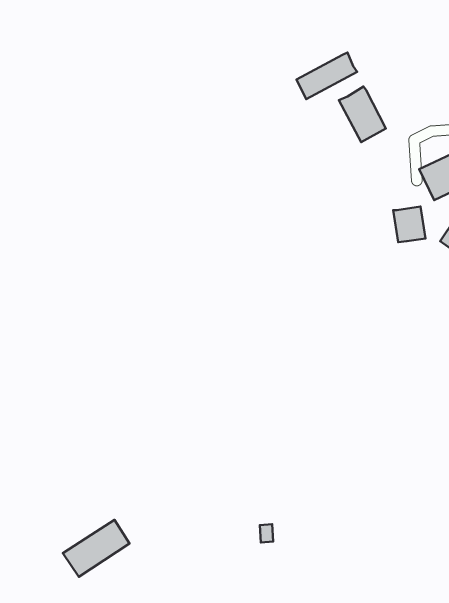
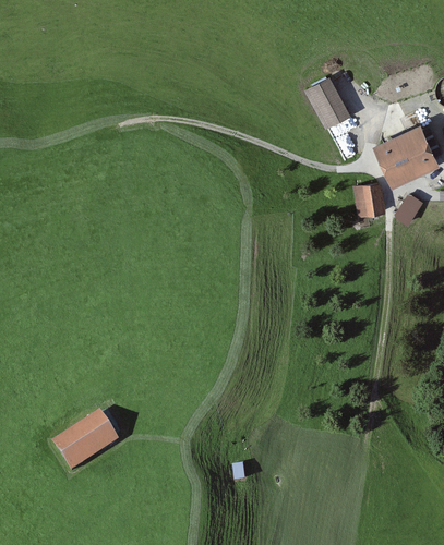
building: [296,52,357,99] -> none
building: [63,520,129,577] -> [56,416,115,467]

